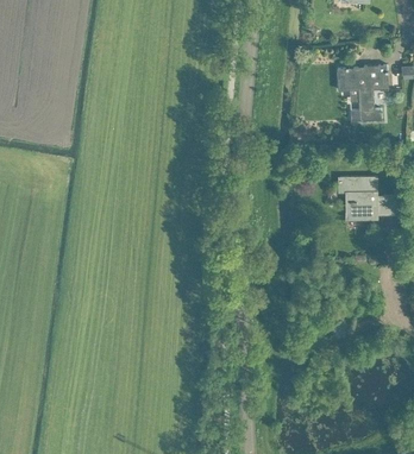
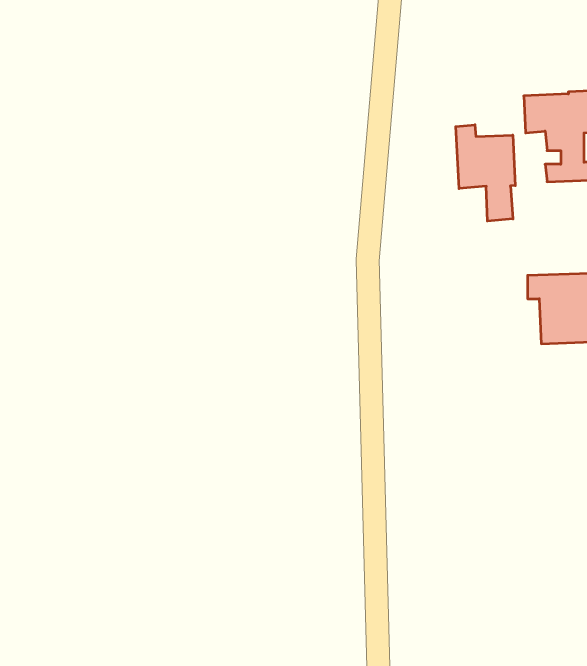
building: none -> [456,125,515,221]

